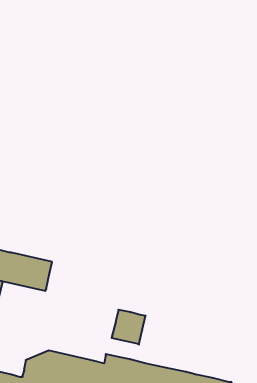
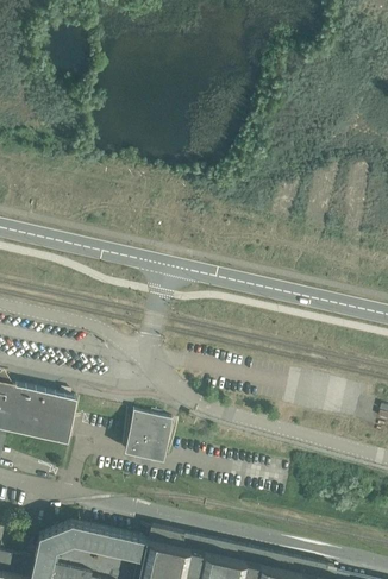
building: [112,310,146,345] -> [124,415,171,464]

